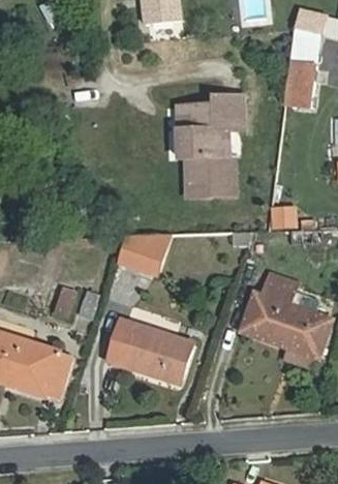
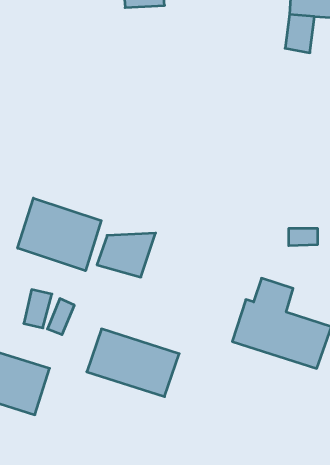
building: [283,62,314,109] -> none
building: [180,95,244,196] -> none
building: none -> [18,198,101,271]

